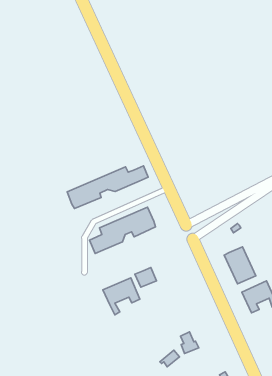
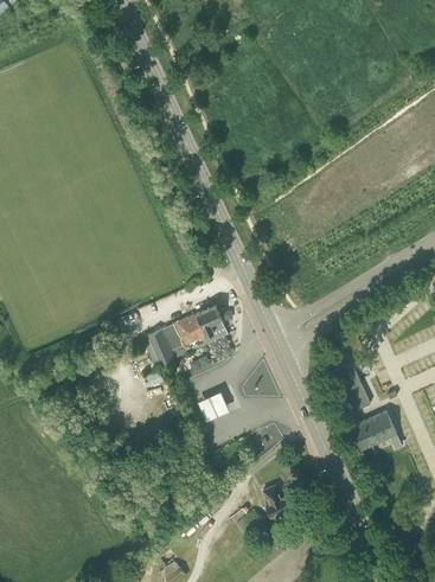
building: [67,166,148,209] -> none
building: [103,278,140,315] -> none

